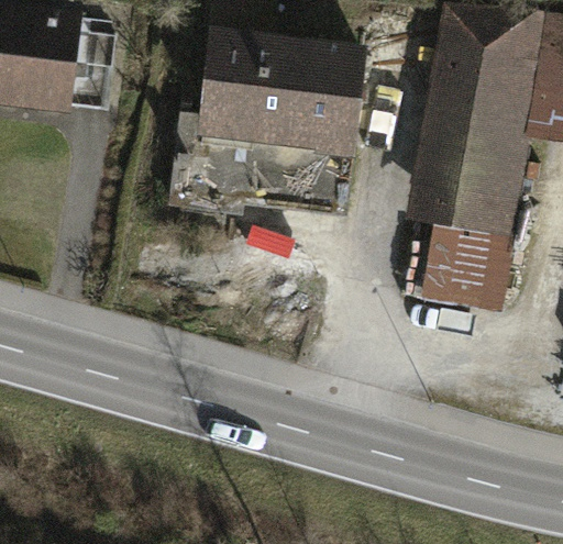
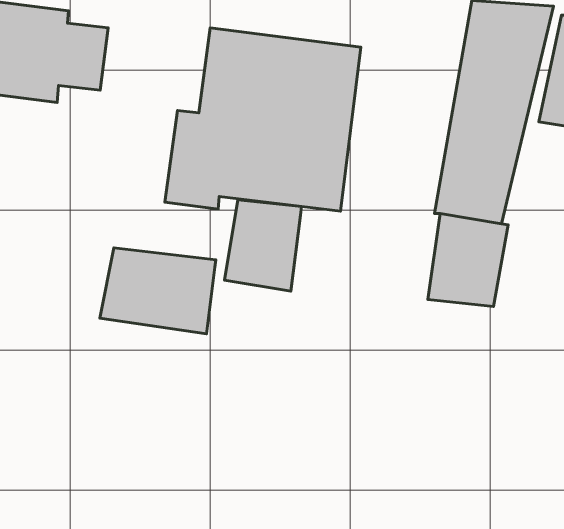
building: none -> [225,200,302,291]
building: none -> [100,248,216,334]

